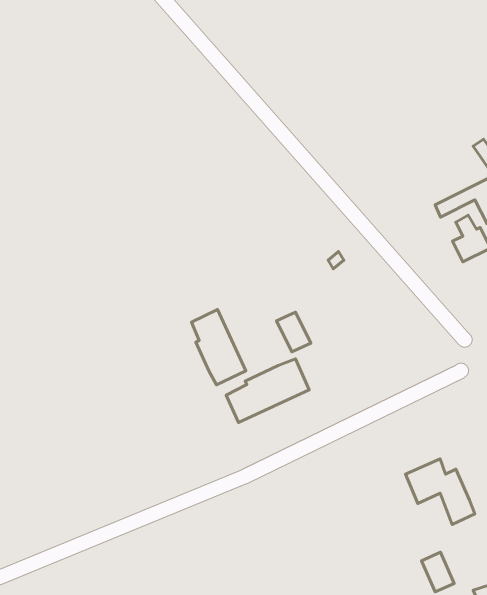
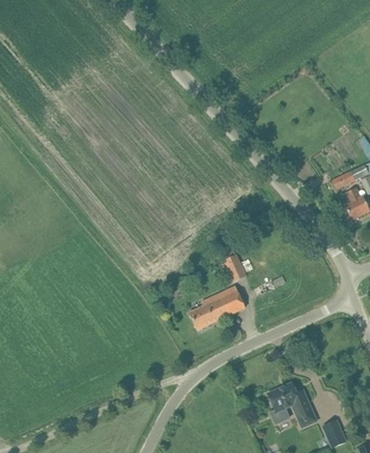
building: [191,310,246,385] -> none
building: [406,459,475,524] -> [266,382,314,427]

